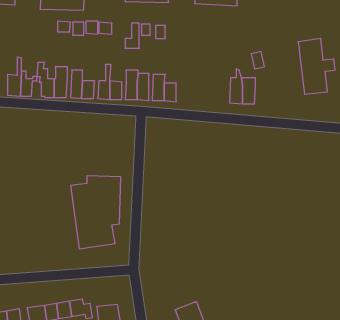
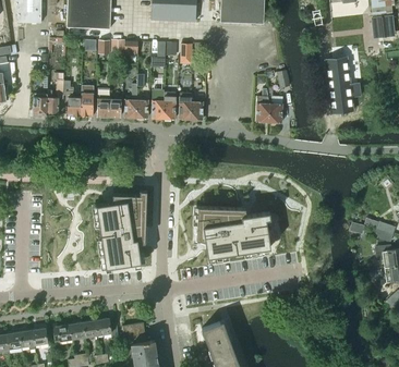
building: none -> [196,207,270,258]

